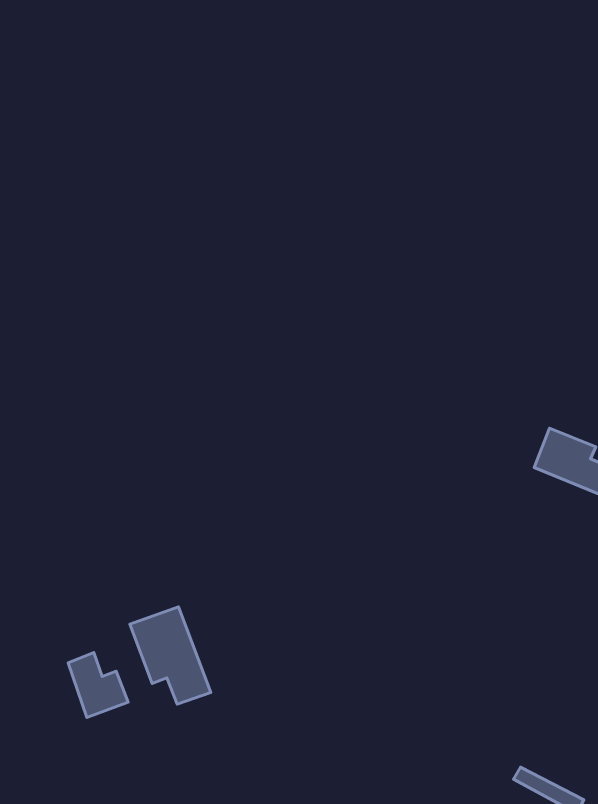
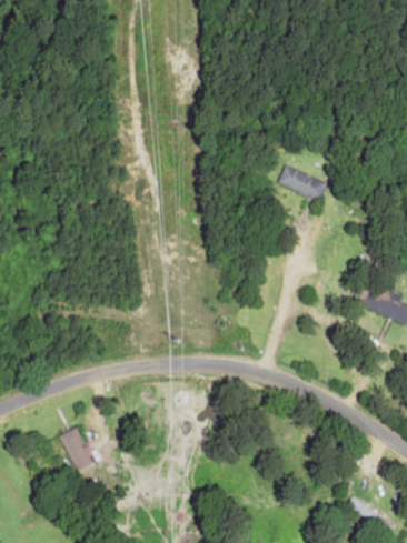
building: none -> [276,164,326,201]
building: [130,607,211,704] -> none

